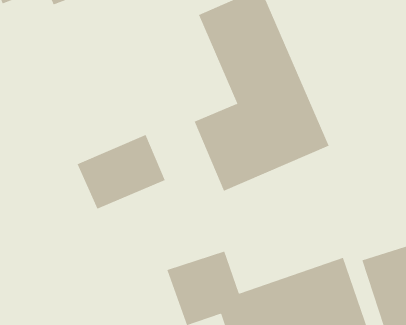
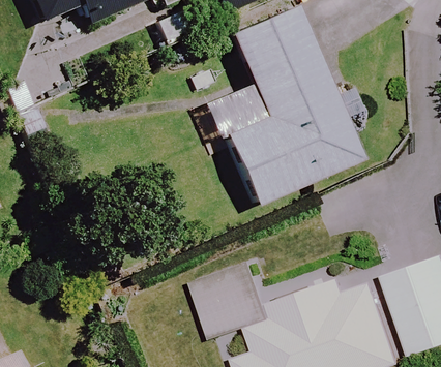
building: [77,134,166,210] -> none

